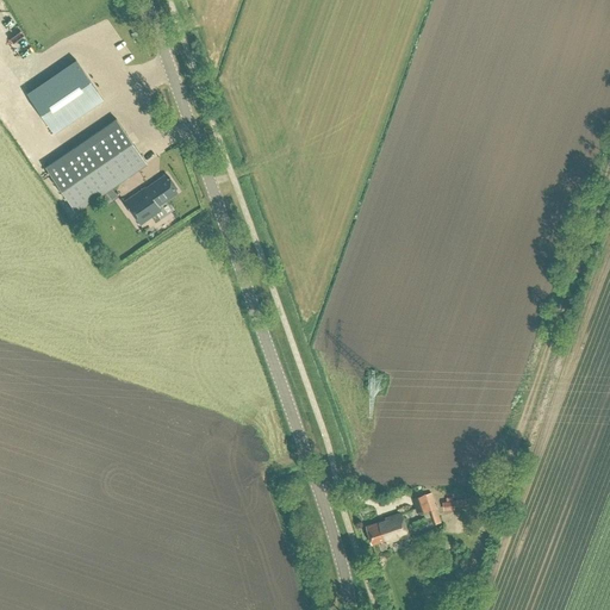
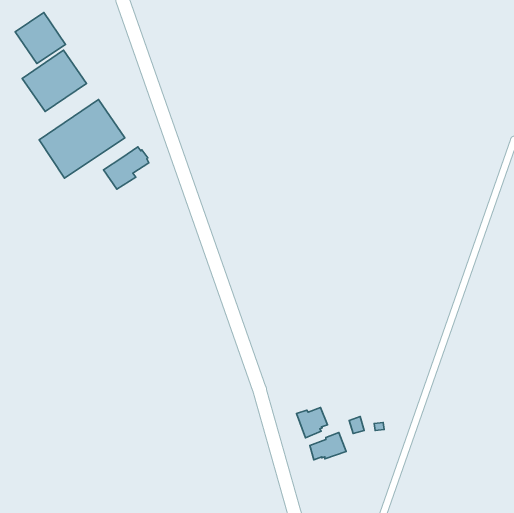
building: none -> [15,13,65,64]
building: none -> [297,408,328,438]

